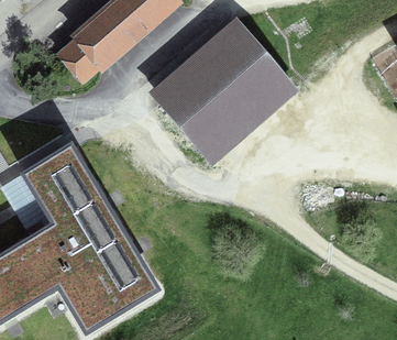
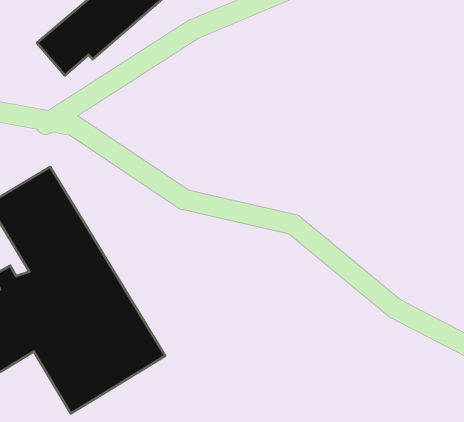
building: [159,29,290,157] -> none

